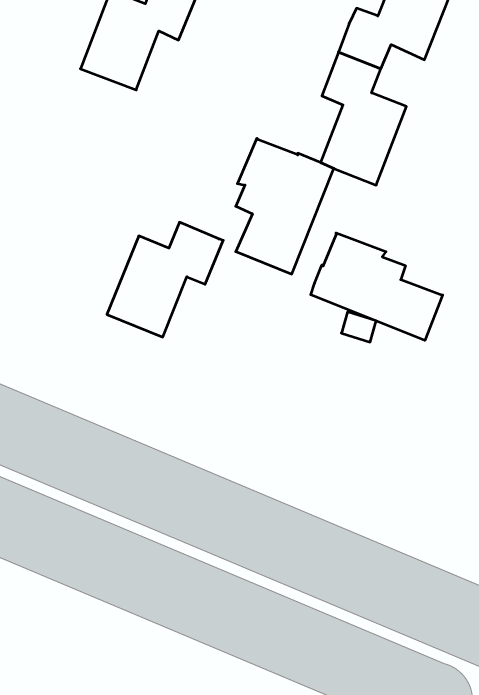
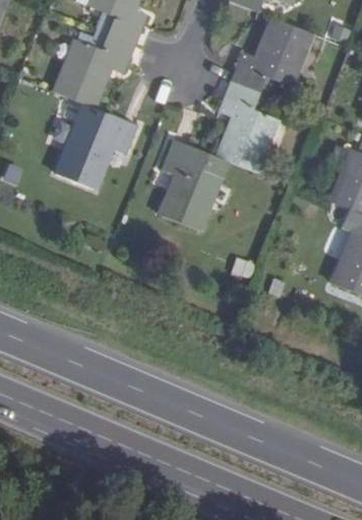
building: [107,222,223,337] -> [59,112,137,189]
building: [311,233,443,340] -> none

